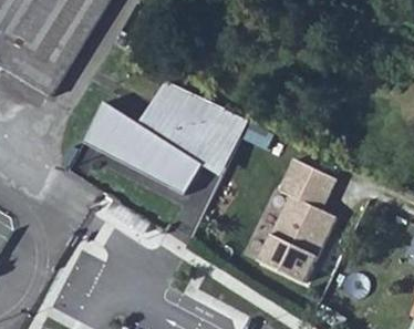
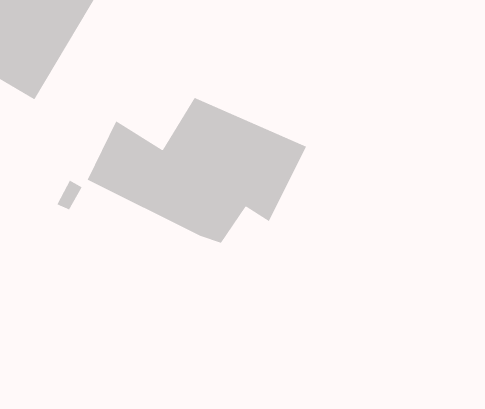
building: [260,160,335,284] -> none

